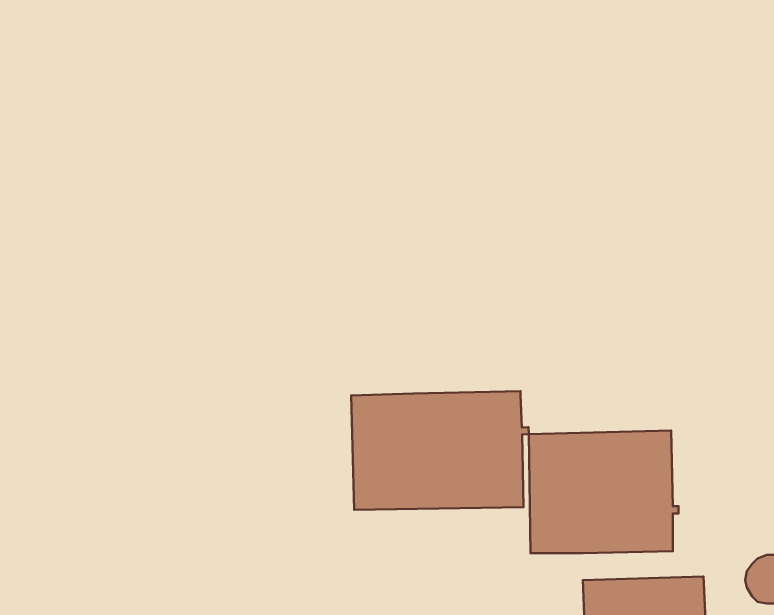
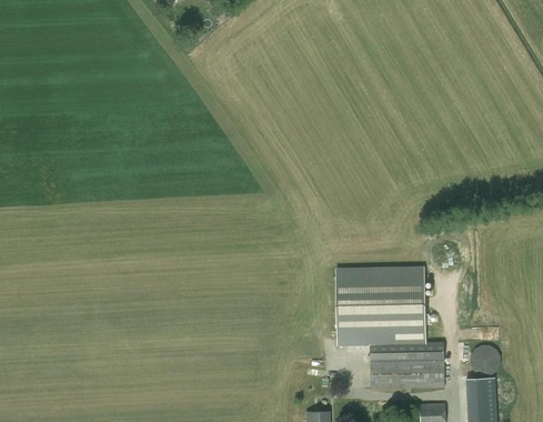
building: [351,391,529,510] -> none
building: none -> [369,339,443,359]

